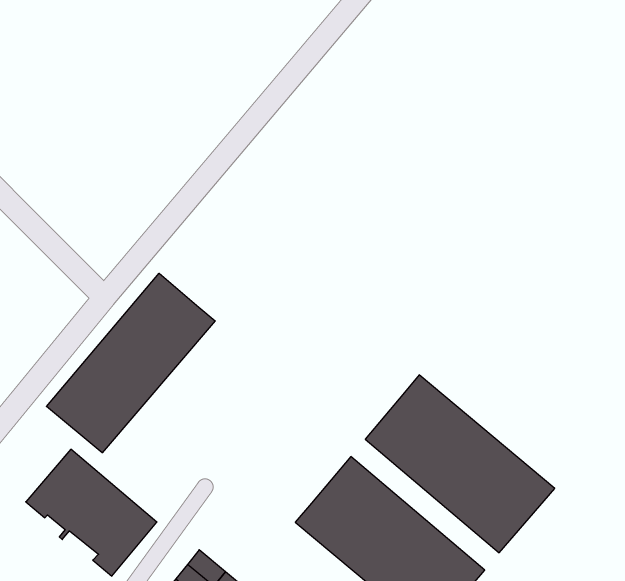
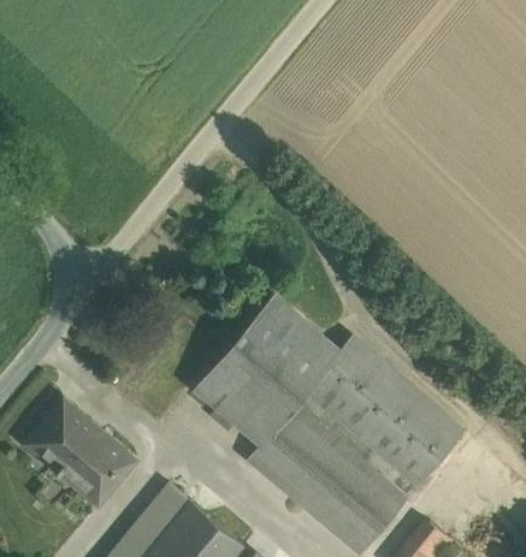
building: [46,273,215,453] -> none
building: none -> [196,297,339,444]

